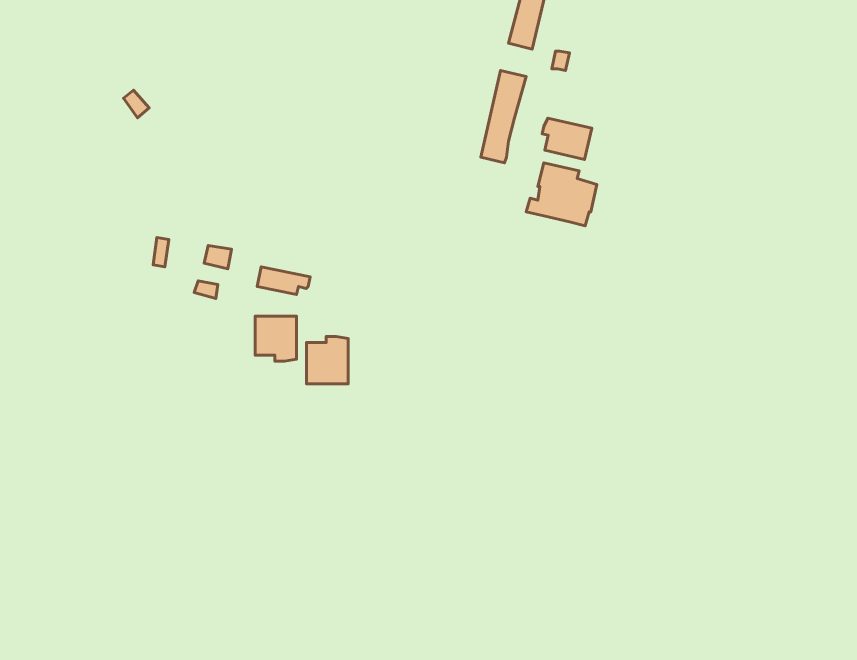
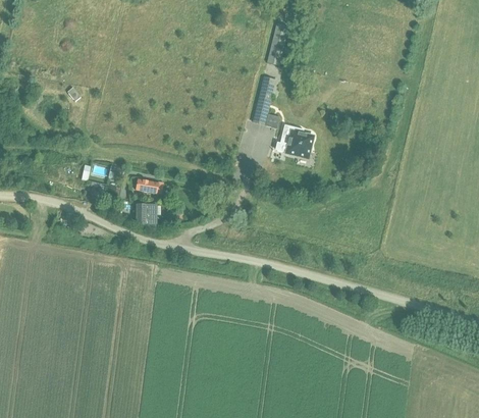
building: [542,118,592,159] -> none
building: [306,336,348,384] -> none

